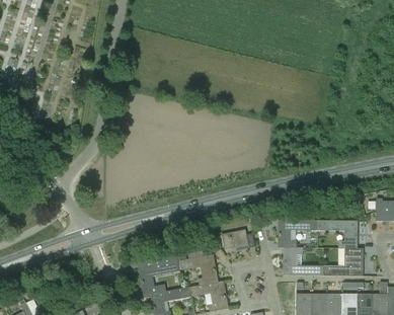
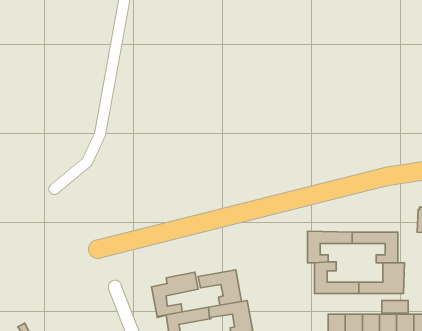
building: [221,229,255,249] -> none

